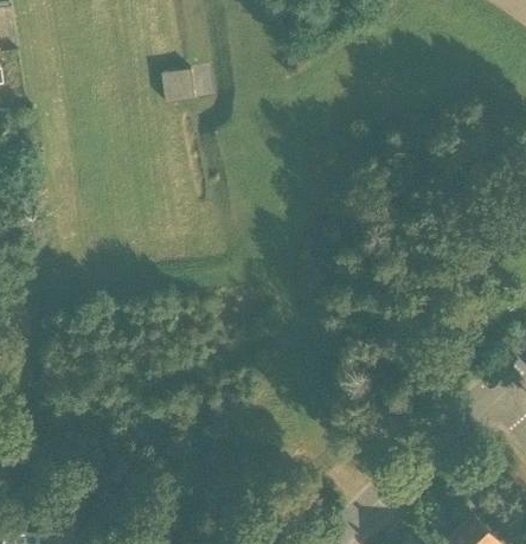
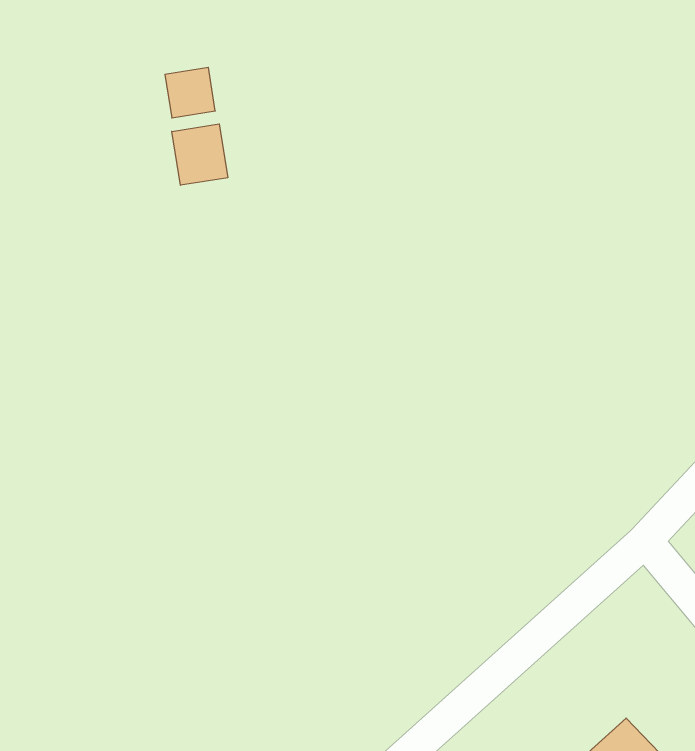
building: none -> [172,124,228,185]

